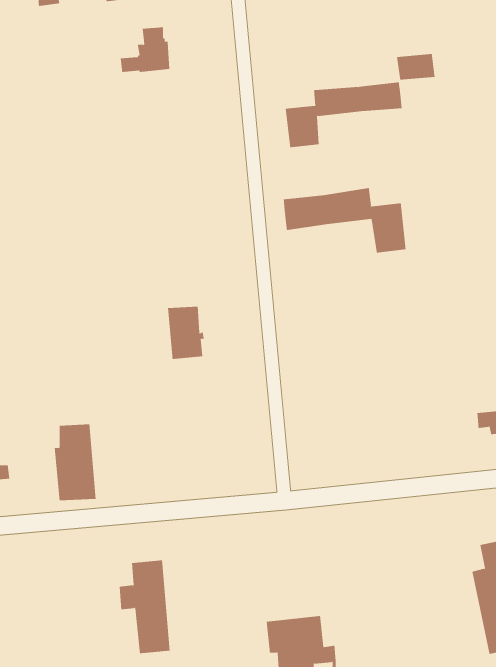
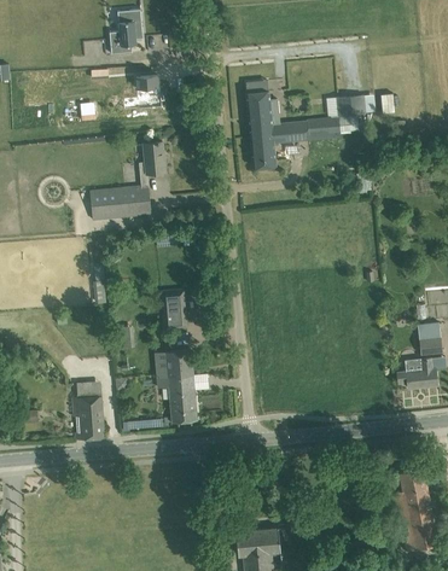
building: none -> [245,81,279,138]
building: none -> [91,141,165,220]
building: [283,187,406,253] -> none
building: [119,560,171,654] -> [157,349,197,421]

